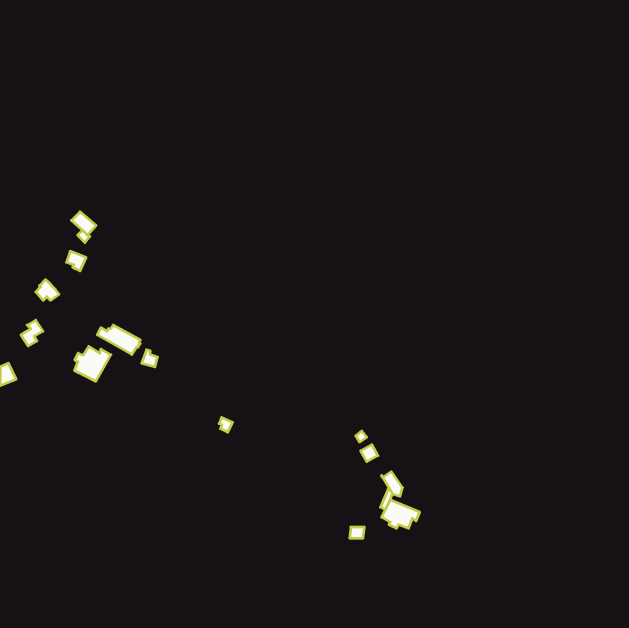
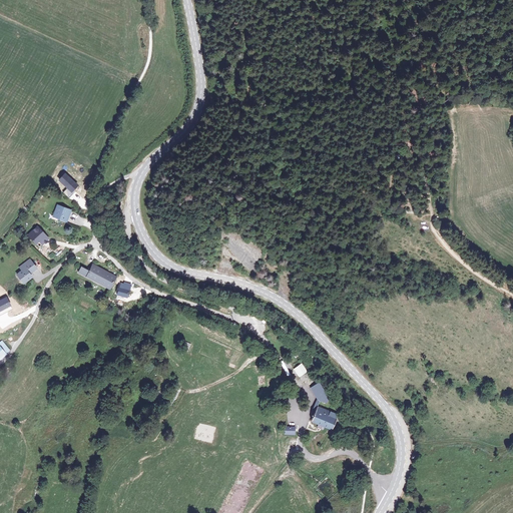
building: [75,346,111,381] -> none

